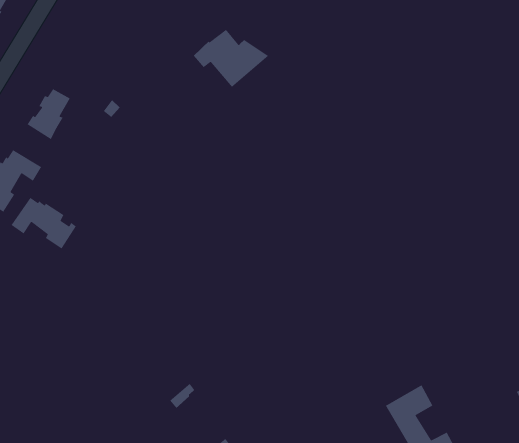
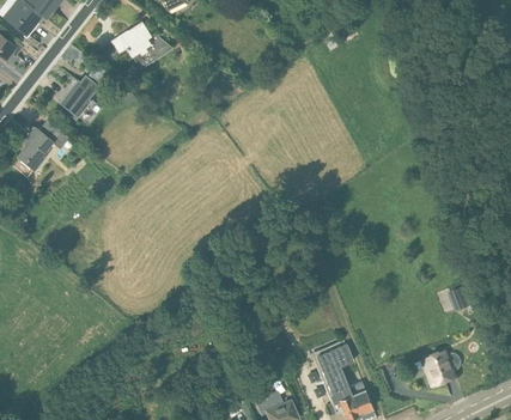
building: [193,29,269,88] -> [112,22,172,68]
building: [11,197,77,249] -> none

